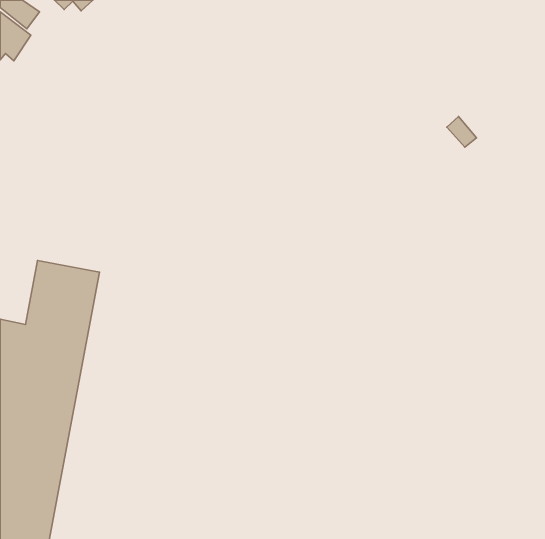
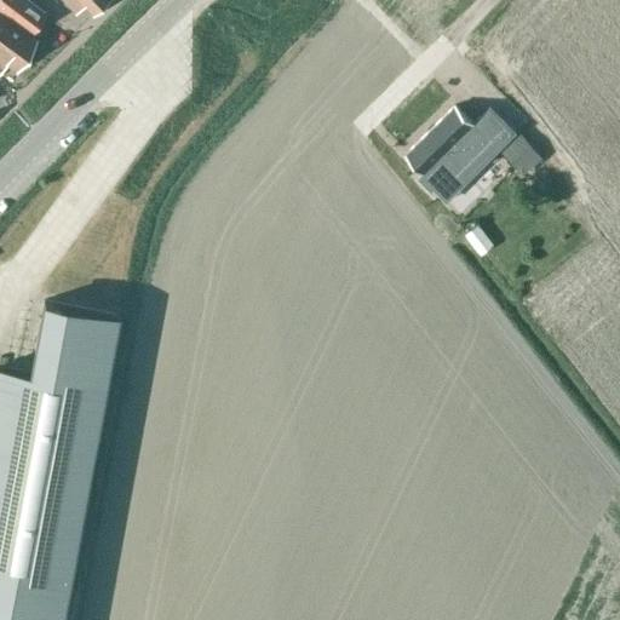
building: none -> [406,111,515,206]

